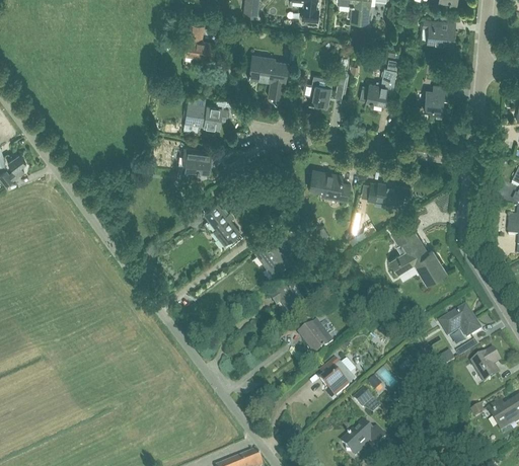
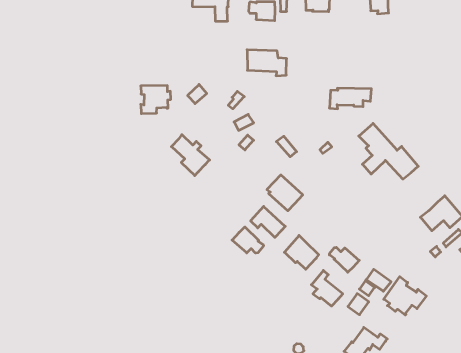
building: [186,103,229,128] -> none
building: [309,169,350,201] -> [247,50,287,76]
building: [255,239,290,276] -> [267,175,303,211]
building: none -> [232,227,263,253]
building: none -> [329,247,359,272]
building: none -> [384,277,426,315]

